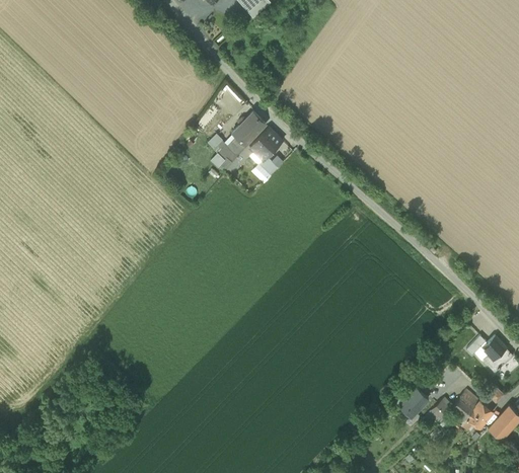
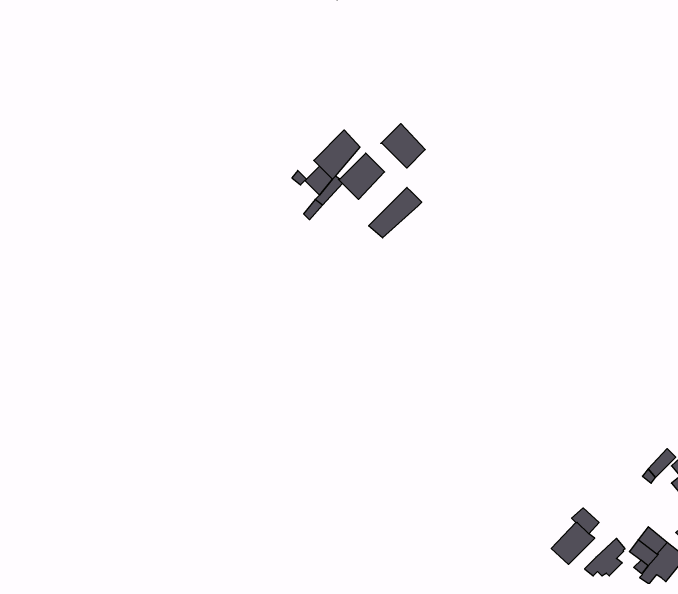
building: none -> [381,124,425,168]
building: none -> [369,187,422,238]

